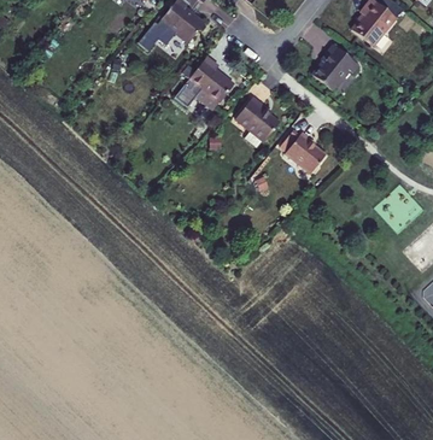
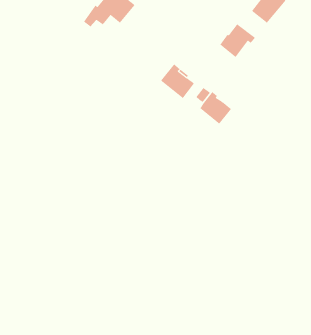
building: [177,55,235,108] -> none

